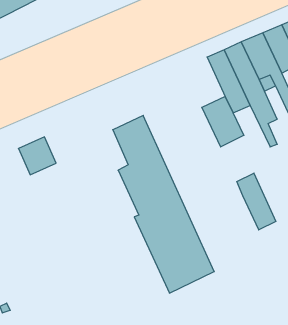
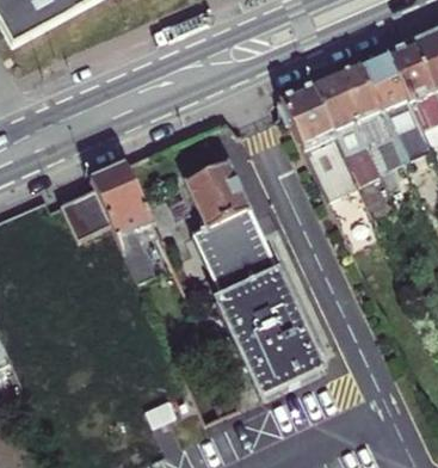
building: none -> [279,82,335,149]
building: none -> [91,162,155,281]
building: [237,173,276,230] -> none

